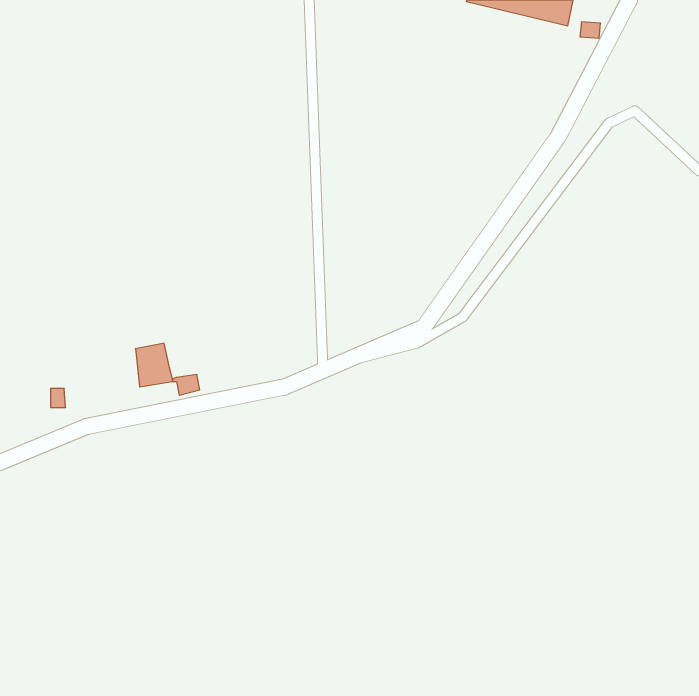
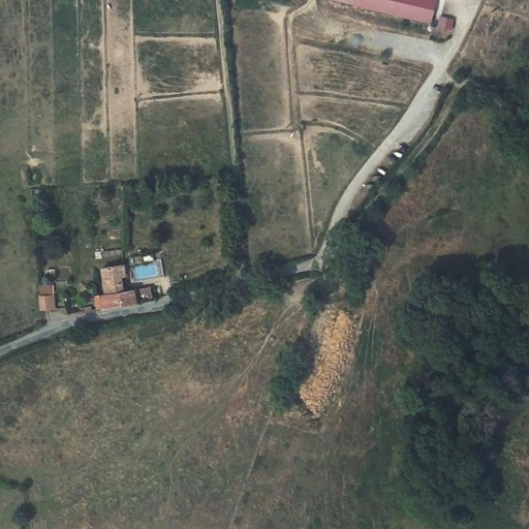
building: none -> [98,290,135,310]

